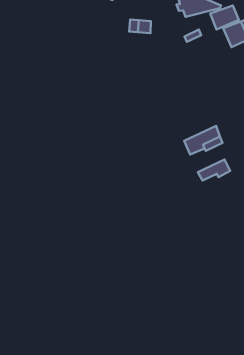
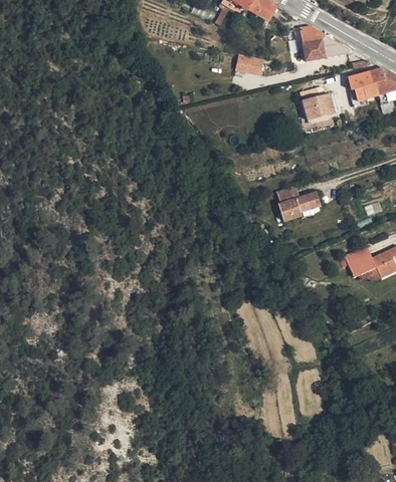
building: [210,5,239,29] -> [302,93,335,119]
building: [198,160,230,180] -> none

